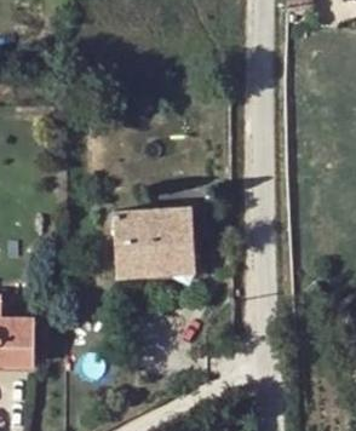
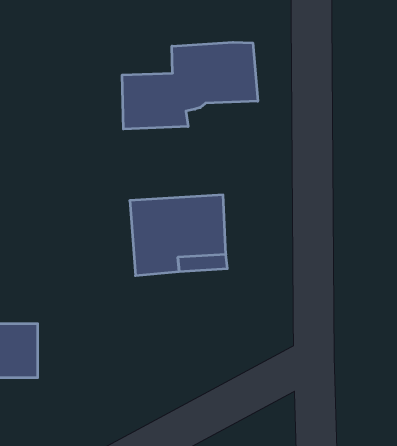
building: none -> [122,42,258,129]

